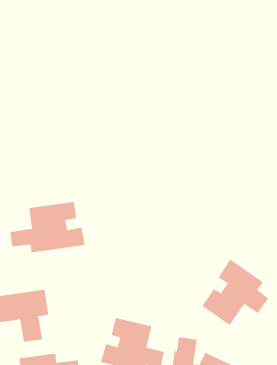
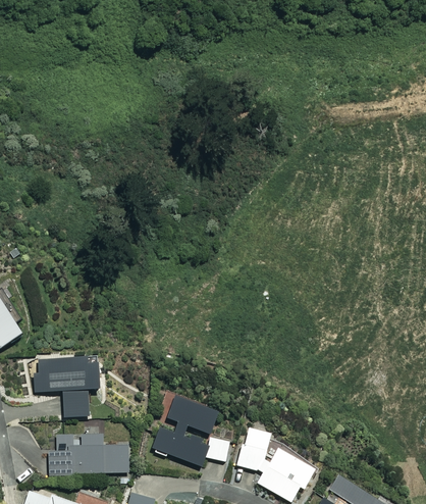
building: [10,201,85,253] -> none
building: [202,259,269,326] -> none

